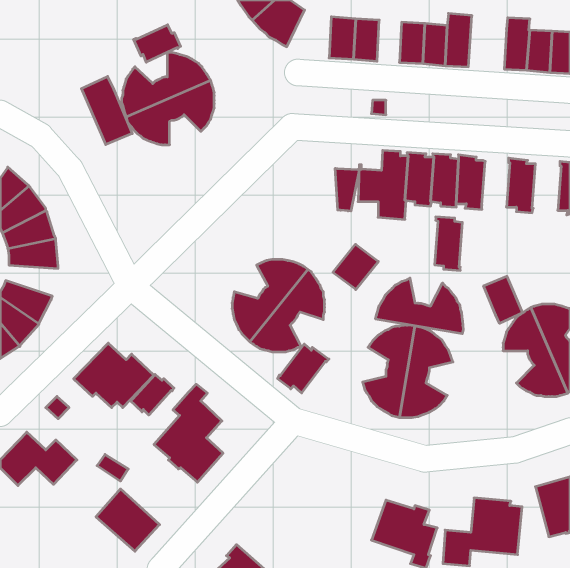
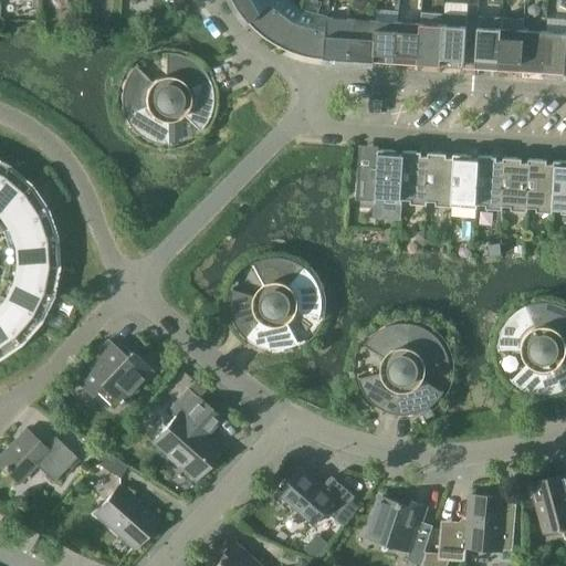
building: none -> [284,11,328,59]
building: none -> [475,18,503,70]
building: none -> [374,21,398,63]
building: [134,25,181,62] -> none
building: [81,76,132,145] -> none
building: none -> [527,160,556,213]
building: [335,168,359,211] -> none
building: [435,217,462,270] -> [478,157,505,210]
building: [333,244,378,290] -> none
building: none -> [6,264,57,295]
building: [484,276,523,323] -> none
building: [376,278,463,334] -> none
building: [278,344,329,393] -> none
building: [130,374,174,415] -> none
building: none -> [277,468,355,525]

